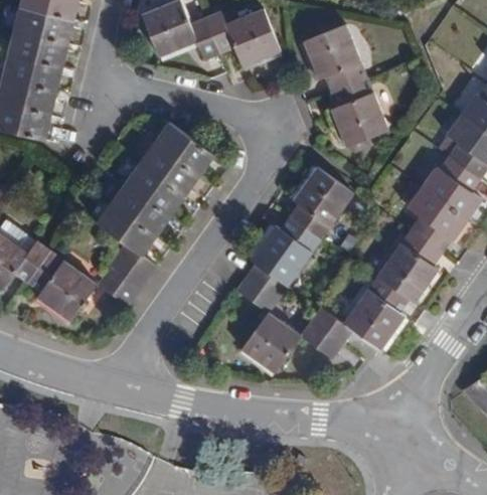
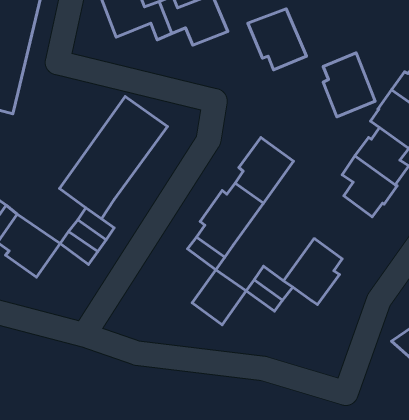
building: [331,77,388,148] -> [323,53,375,117]
building: [376,231,440,305] -> none

